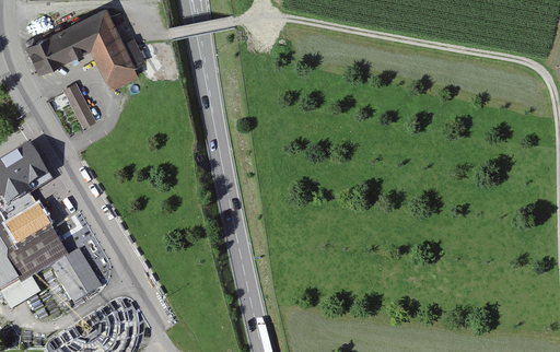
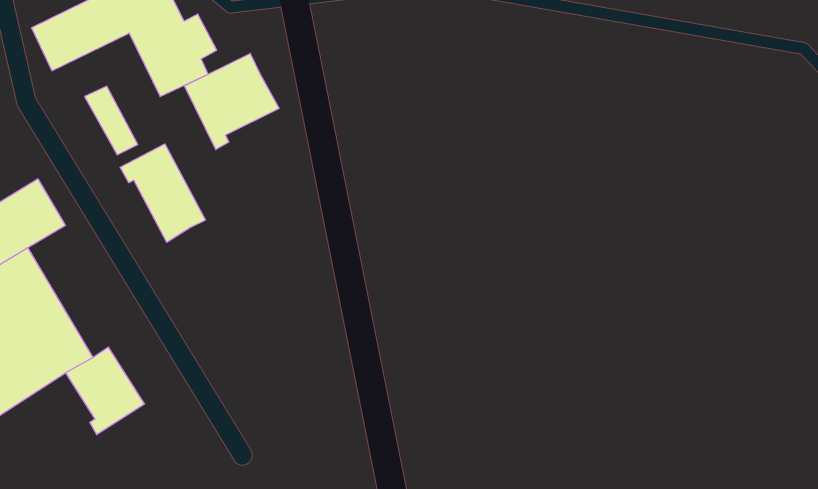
building: none -> [185,53,279,150]
building: none -> [120,144,205,242]

